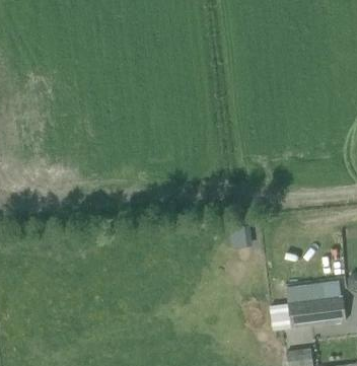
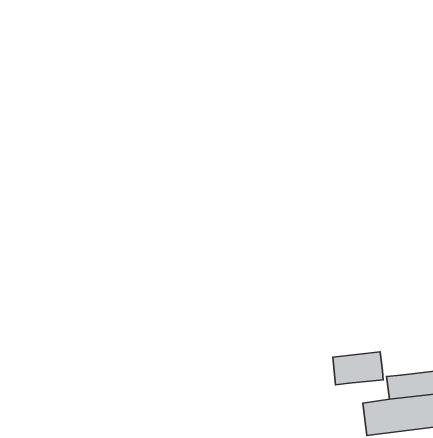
building: none -> [333,352,383,385]

